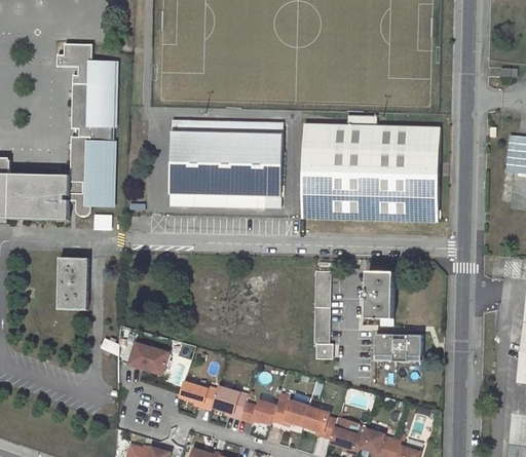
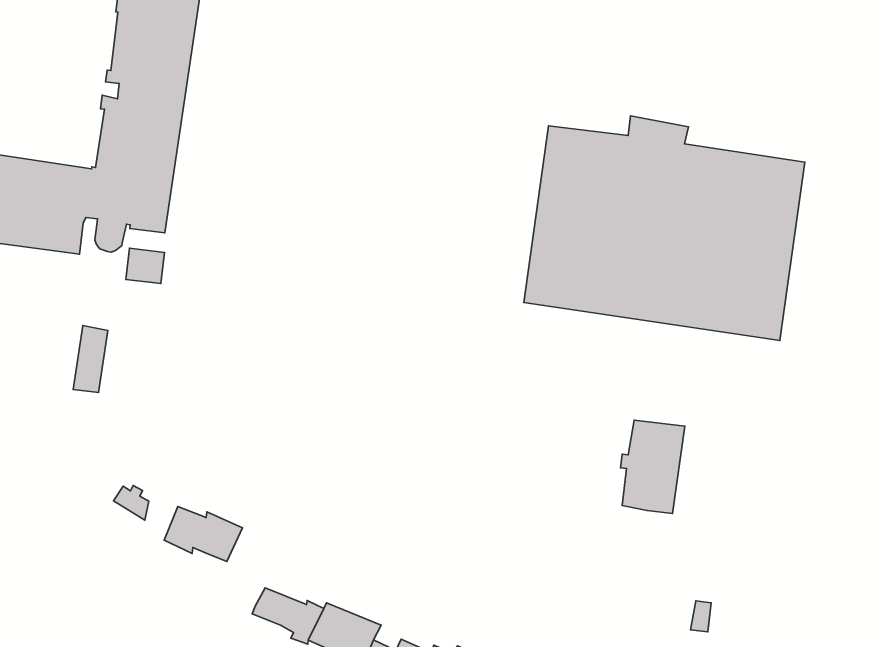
building: [170,120,283,207] -> none
building: [58,257,86,310] -> none
building: [305,270,333,358] -> none
building: [374,334,422,361] -> none

